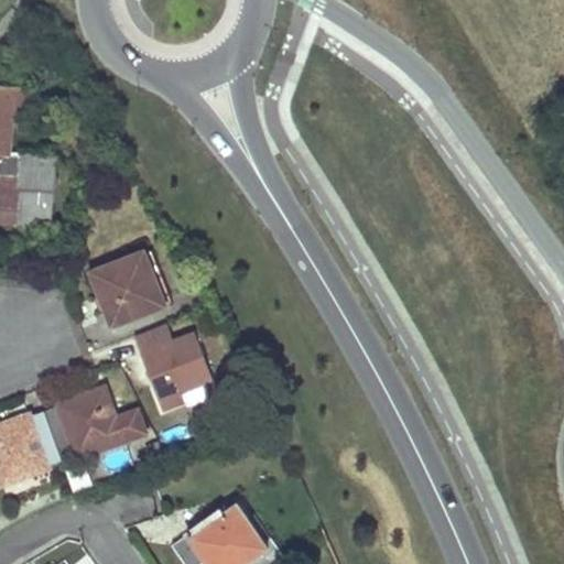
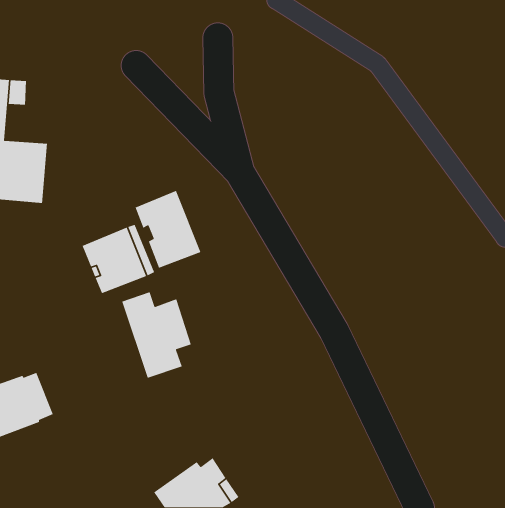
building: none -> [134,190,202,269]
building: [41,388,142,459] -> none

